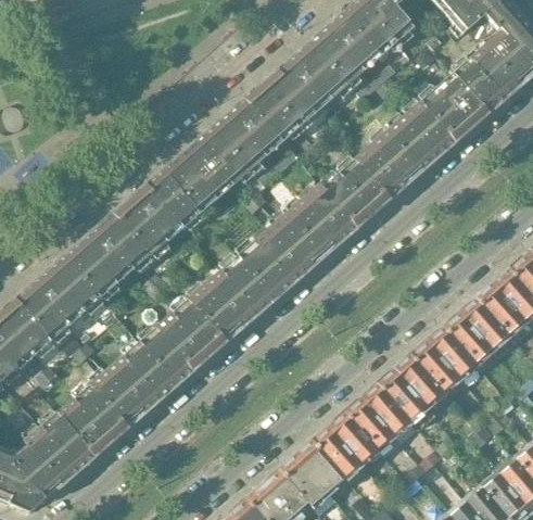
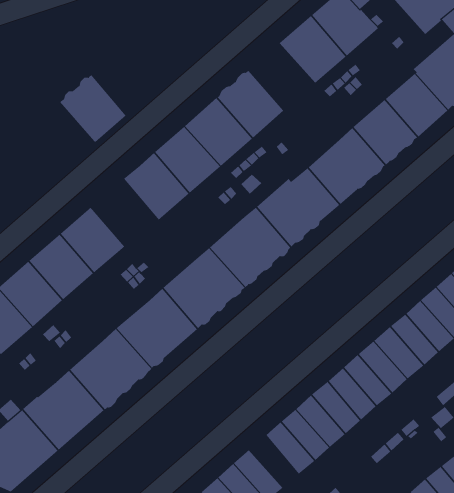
building: [276,46,345,116] -> none
building: [111,188,181,259] -> [59,74,127,143]
building: [276,456,328,511] -> none

